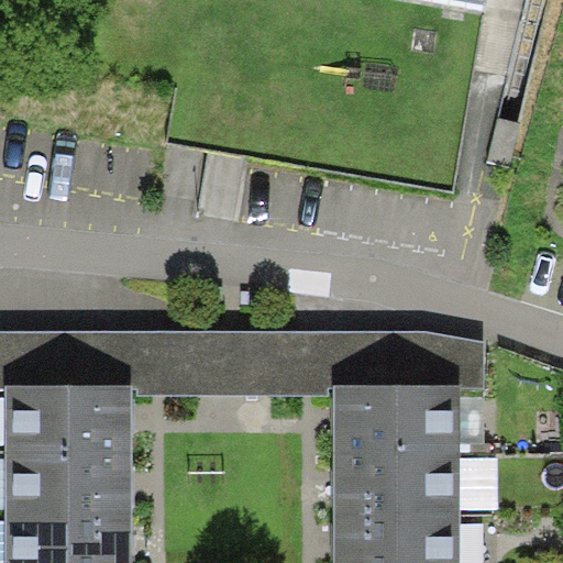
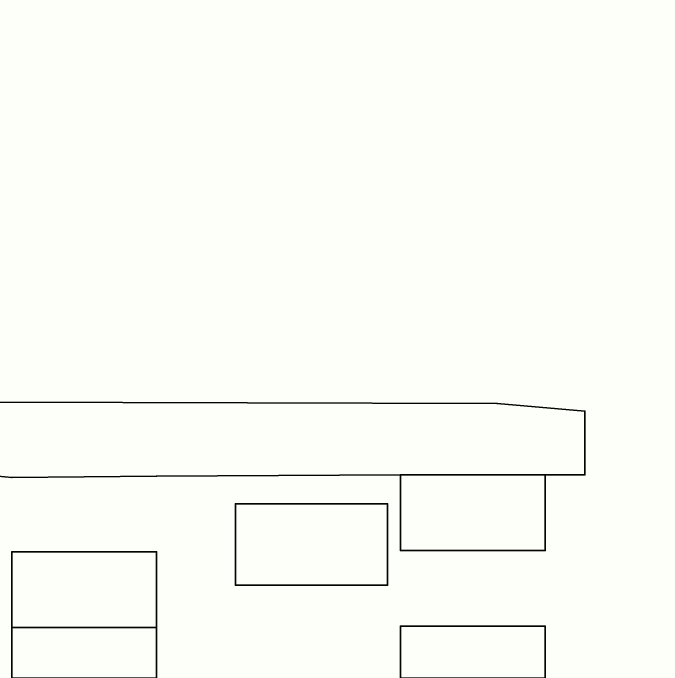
building: [10,395,130,457] -> none
building: none -> [236,504,388,585]
building: [332,456,452,519] -> none

